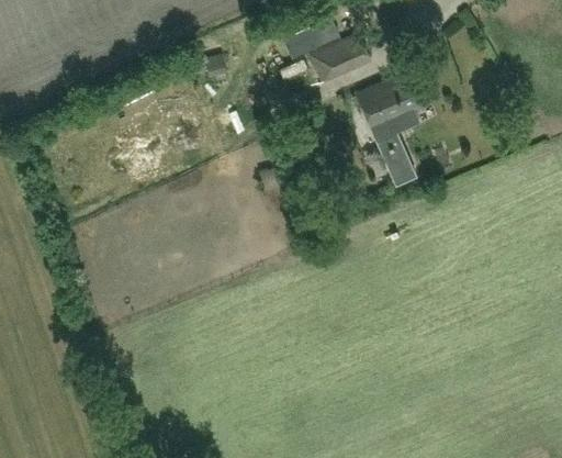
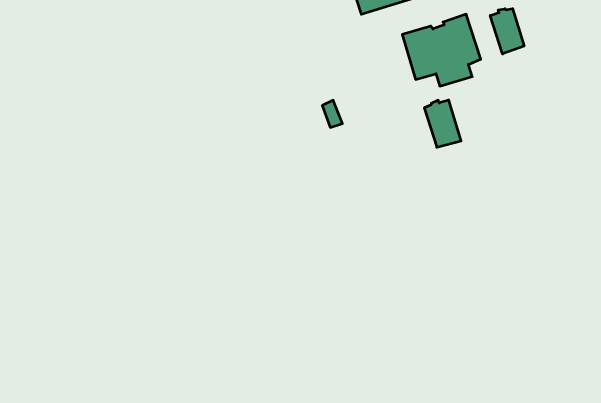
building: none -> [490,9,524,54]

